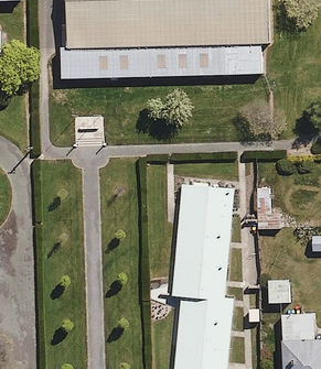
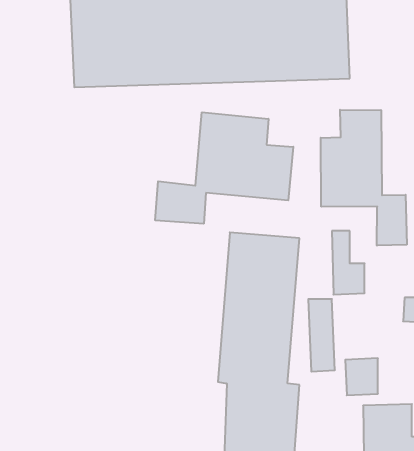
building: none -> [321,110,407,246]
building: none -> [155,112,293,224]

